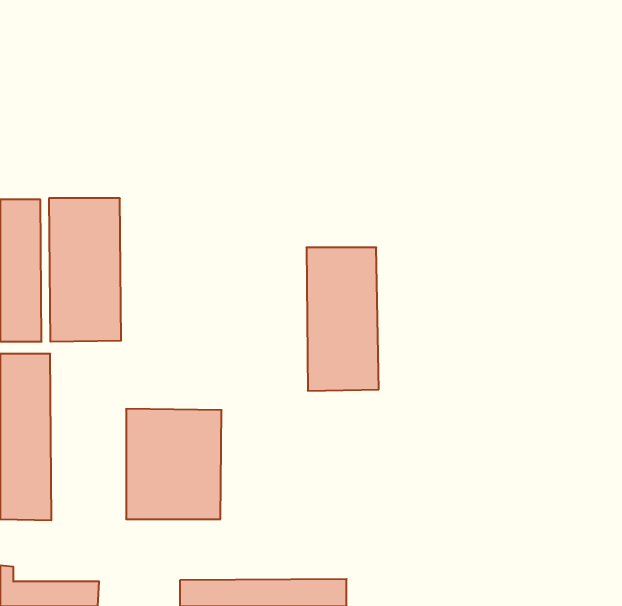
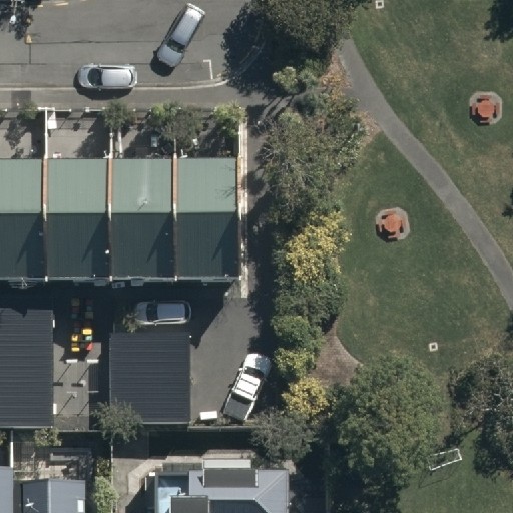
building: none -> [109,161,168,279]
building: [306,247,379,391] -> [175,161,234,279]

